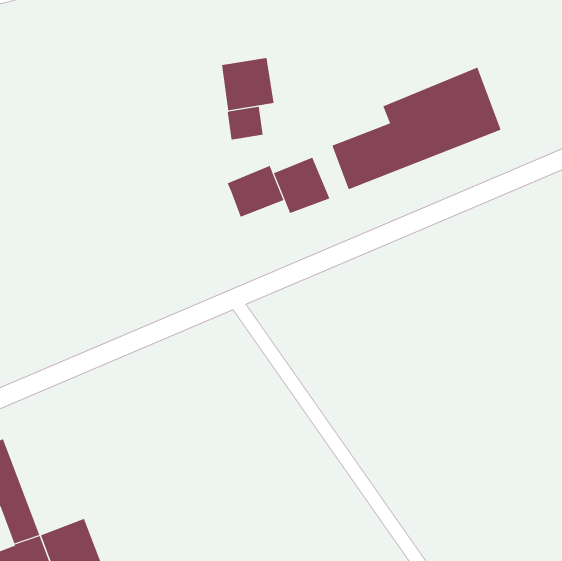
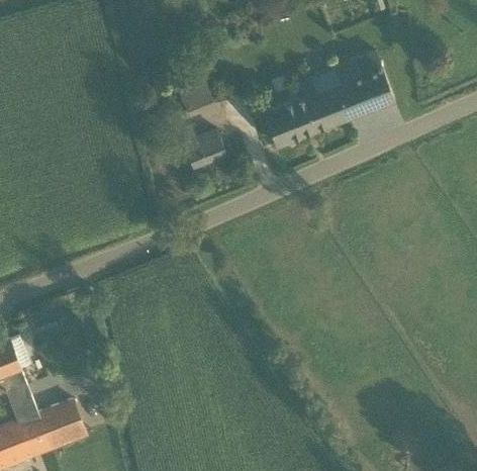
building: [222,57,274,111] -> none
building: [273,157,330,214] -> none

